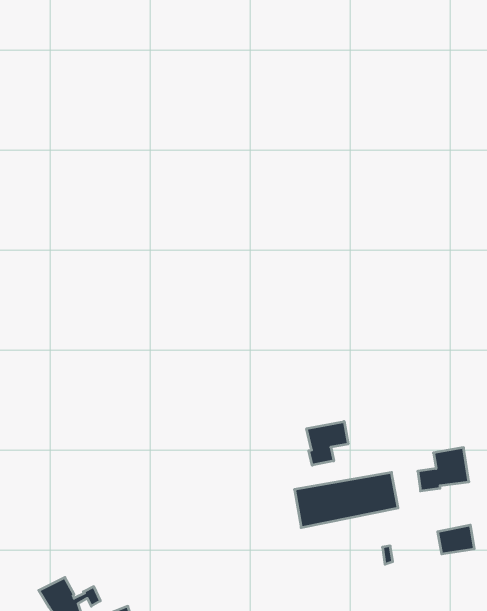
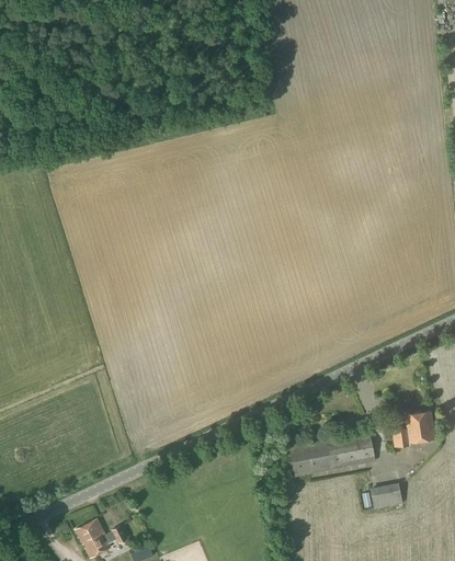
building: [307,421,348,465] -> none
building: [438,525,474,554] -> [371,484,401,508]

